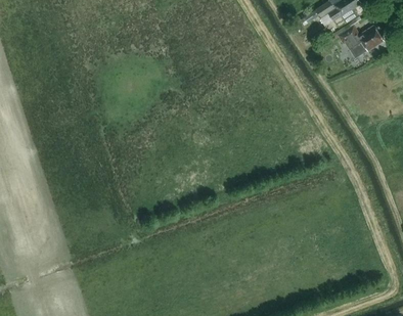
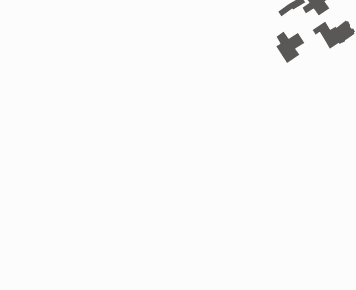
building: none -> [275,31,305,64]

